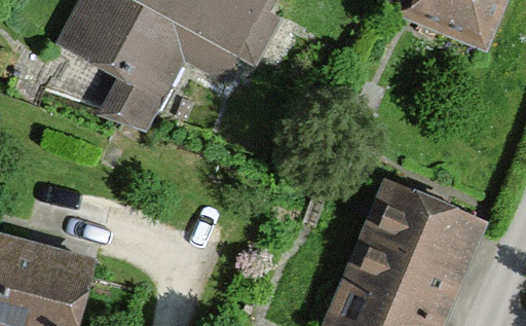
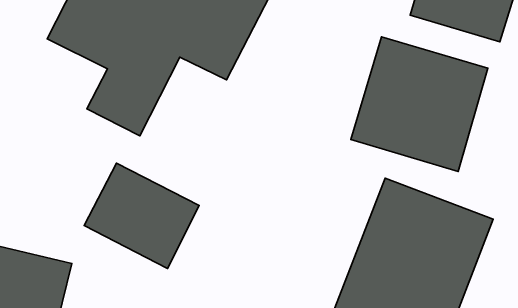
building: none -> [351,37,488,172]
building: none -> [84,163,199,268]

